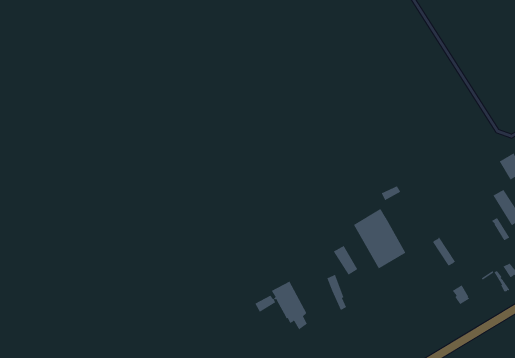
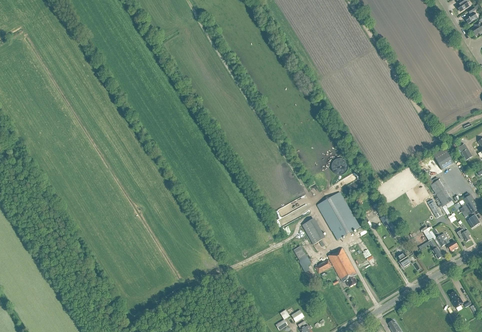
building: [254,281,308,330] -> [315,249,357,288]

